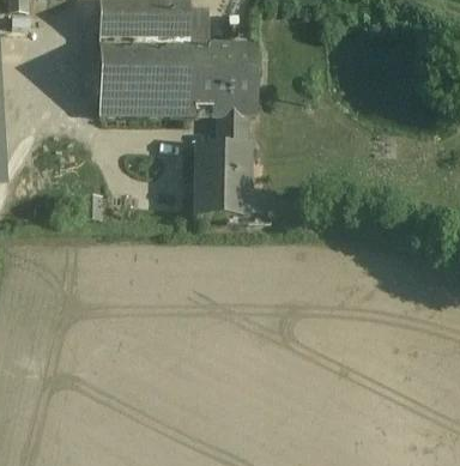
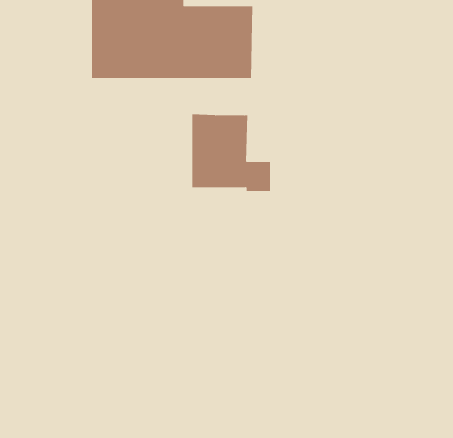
building: [220,113,248,147] -> none

